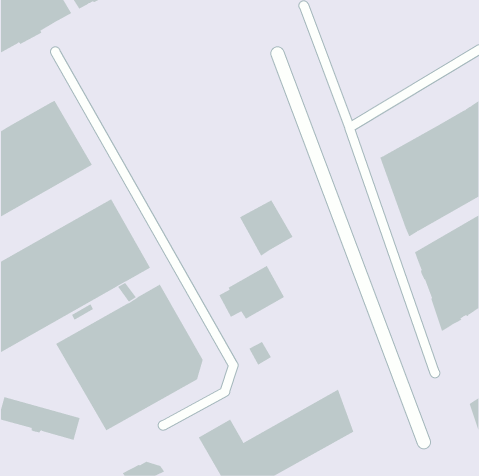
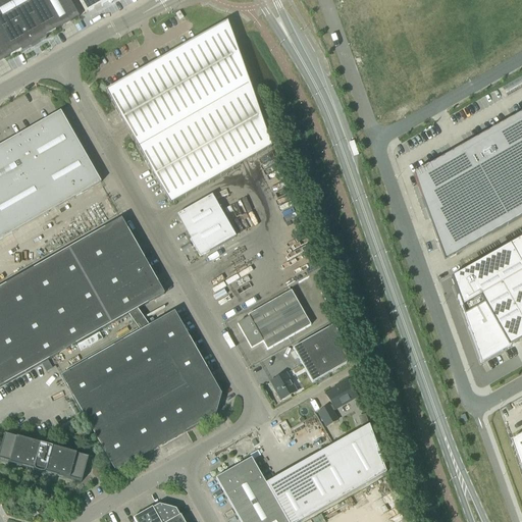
building: none -> [105,19,271,203]
building: [239,199,294,257] -> [176,193,236,255]
building: none -> [293,322,347,380]
building: none -> [318,378,357,424]

